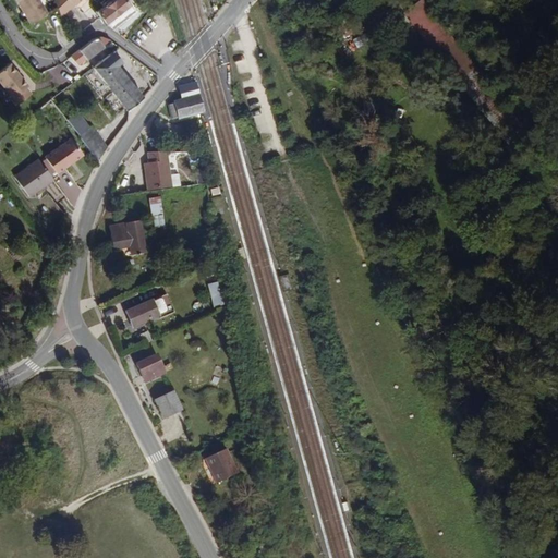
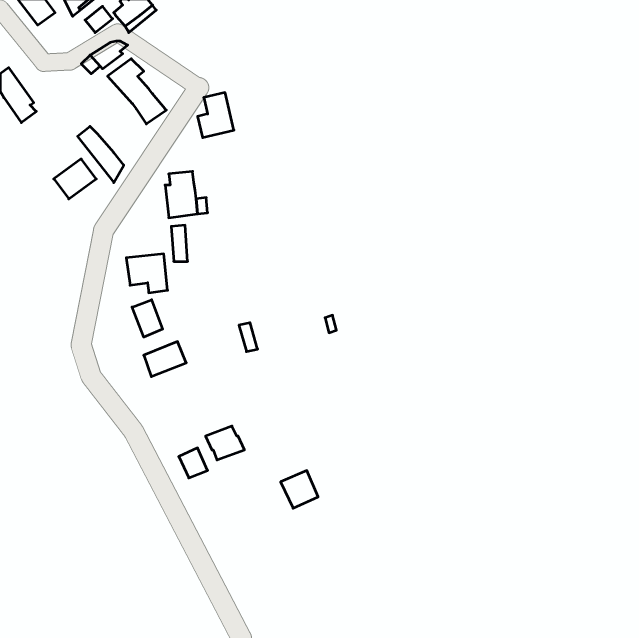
building: [15,158,54,196] -> none
building: none -> [132,300,163,337]
building: [135,352,169,381] -> [206,426,244,460]
building: [205,448,238,481] -> [281,471,318,508]

